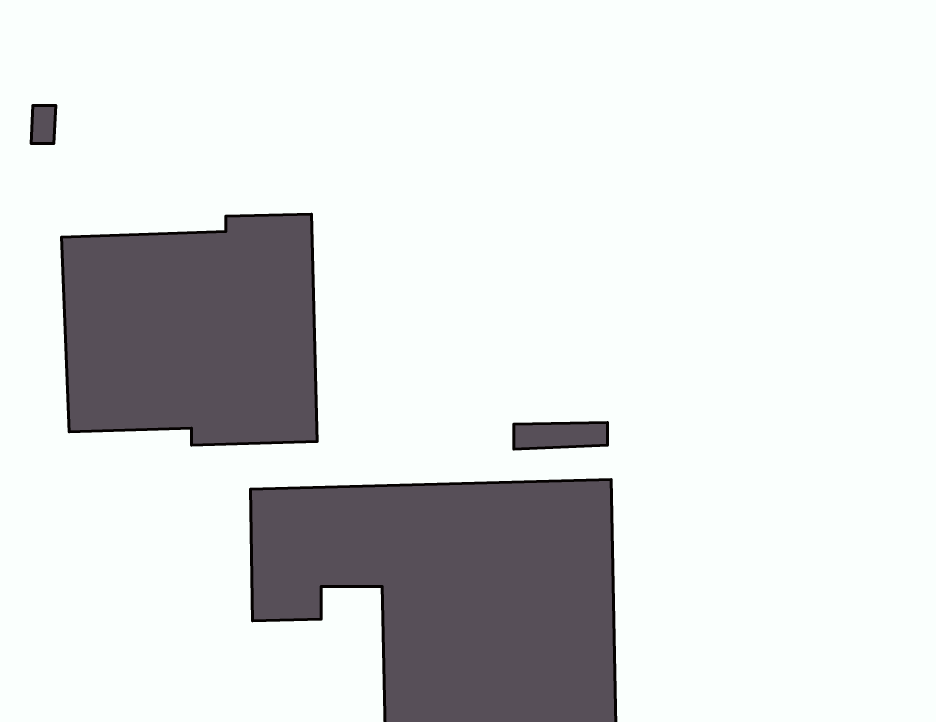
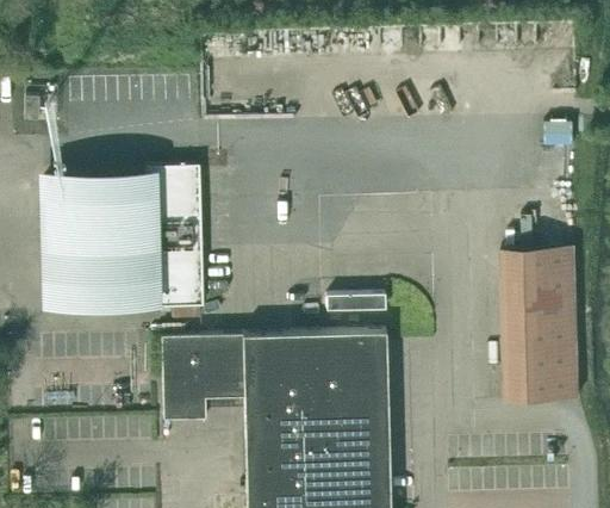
building: none -> [500,247,578,402]

